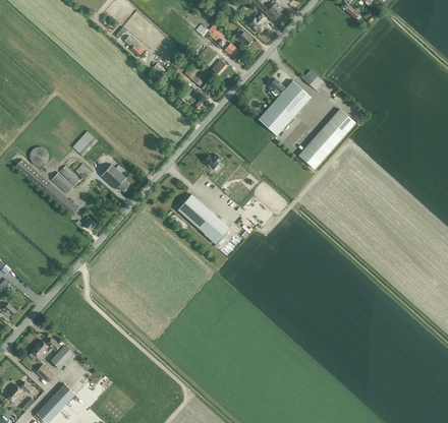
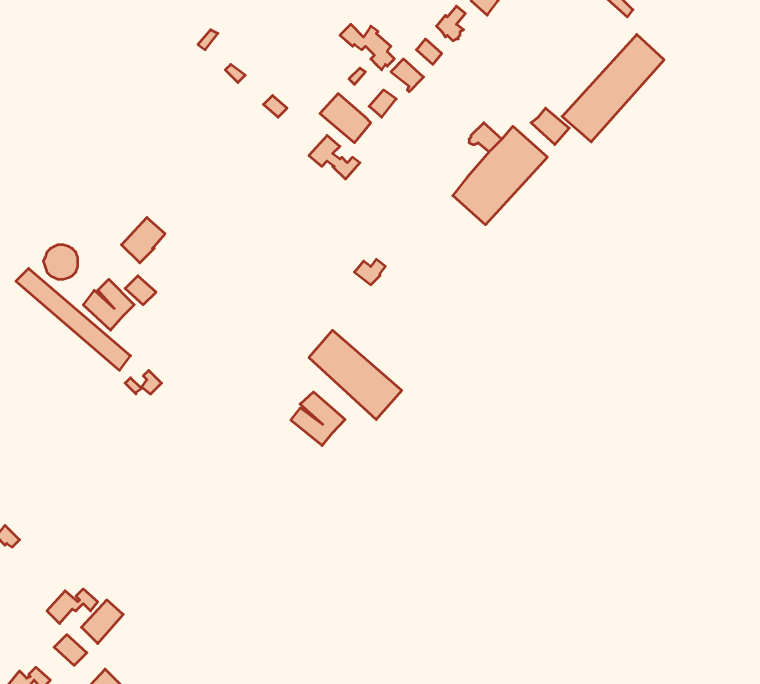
building: [297,109,354,169] -> [562,34,664,142]
building: [101,160,129,191] -> none
building: none -> [291,392,345,446]

